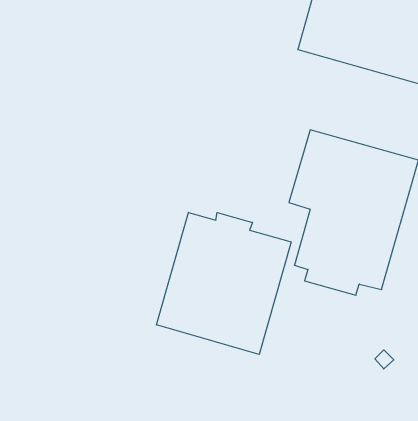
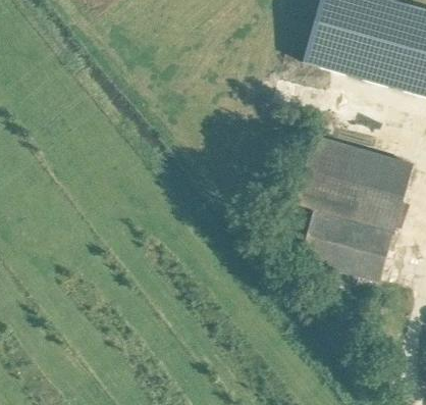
building: [156,212,291,354] -> none

